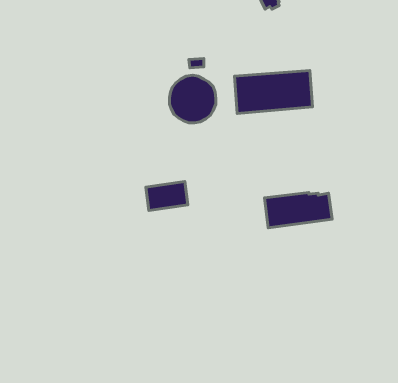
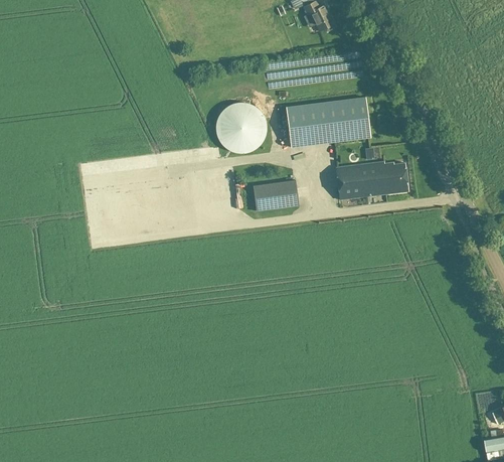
building: [146,182,188,210] -> [253,179,298,210]
building: [264,192,332,228] -> [335,161,408,199]

